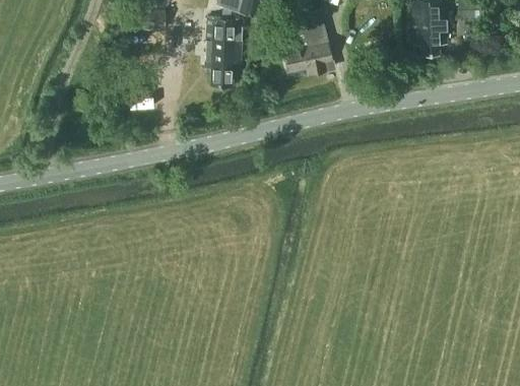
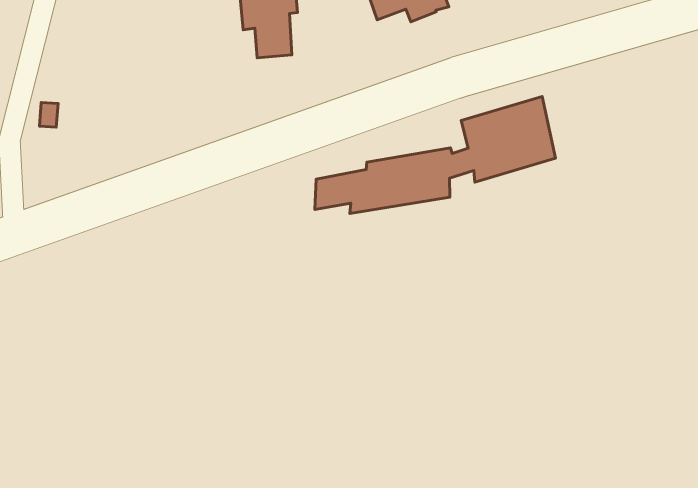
building: none -> [315,96,556,213]

